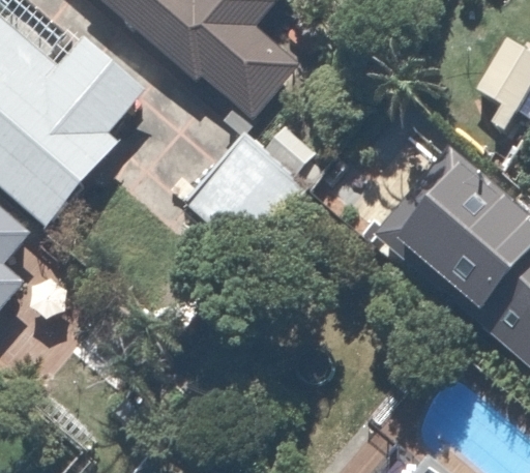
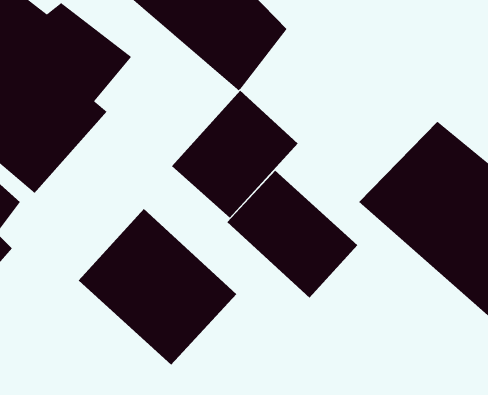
building: none -> [226,170,358,298]
building: none -> [78,208,237,365]

